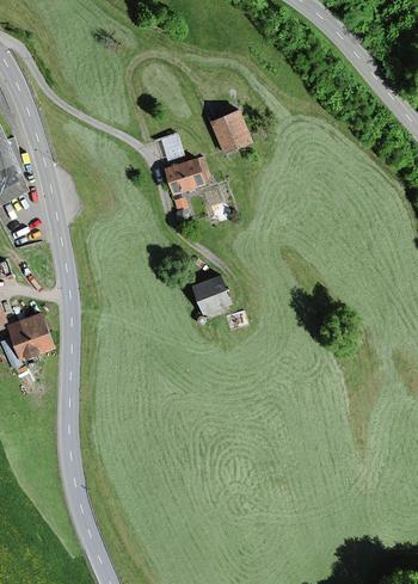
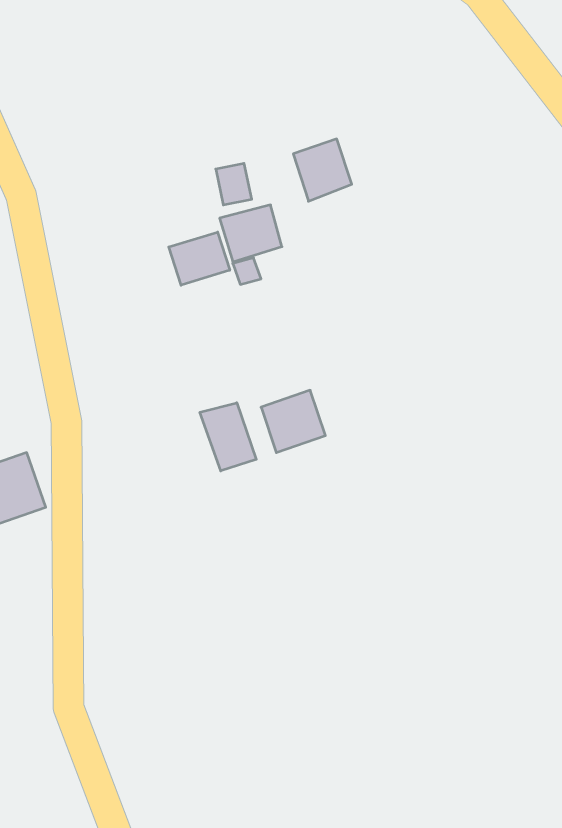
building: none -> [169,232,230,285]
building: none -> [200,403,256,471]

